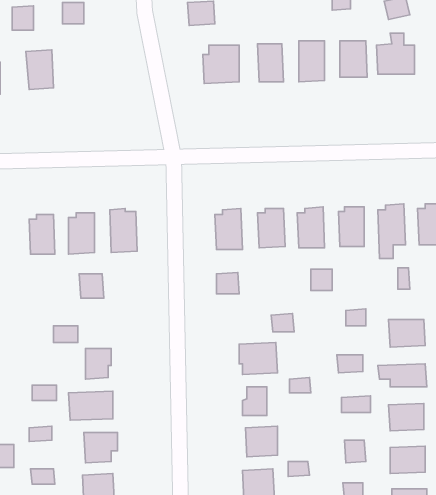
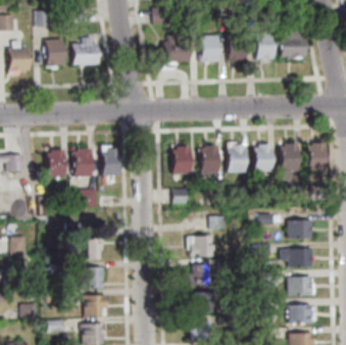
building: none -> [72,37,98,64]

